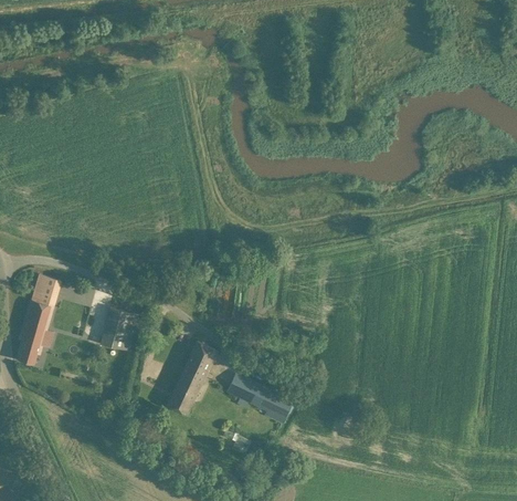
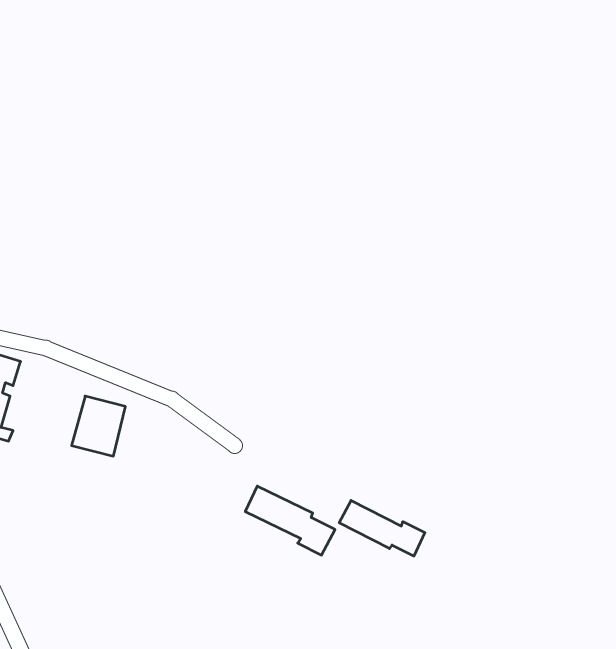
building: [166,341,217,415] -> none
building: none -> [339,500,425,556]

